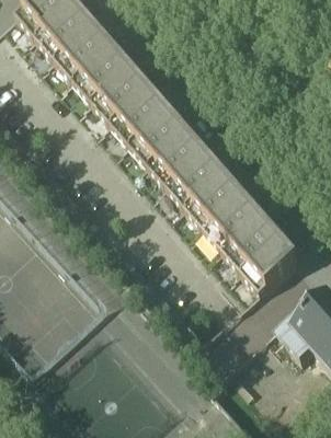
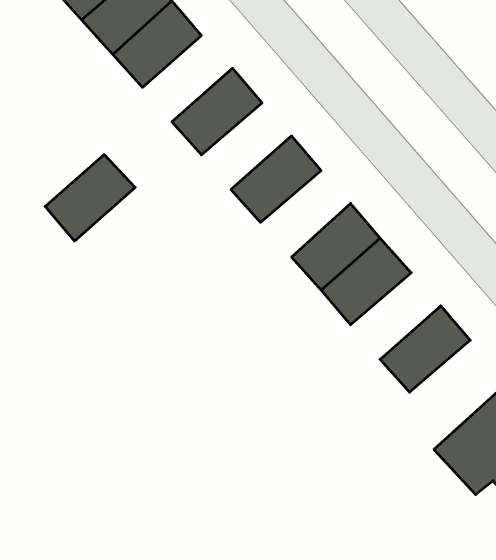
building: [96,64,153,118] -> [45,155,135,241]
building: [134,106,191,161] -> none
building: [171,149,228,204] -> none
building: [228,214,285,268] -> none

